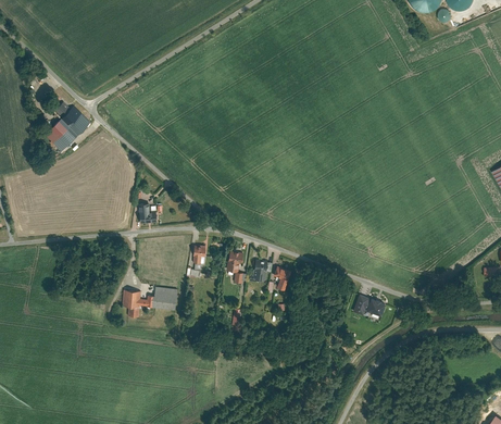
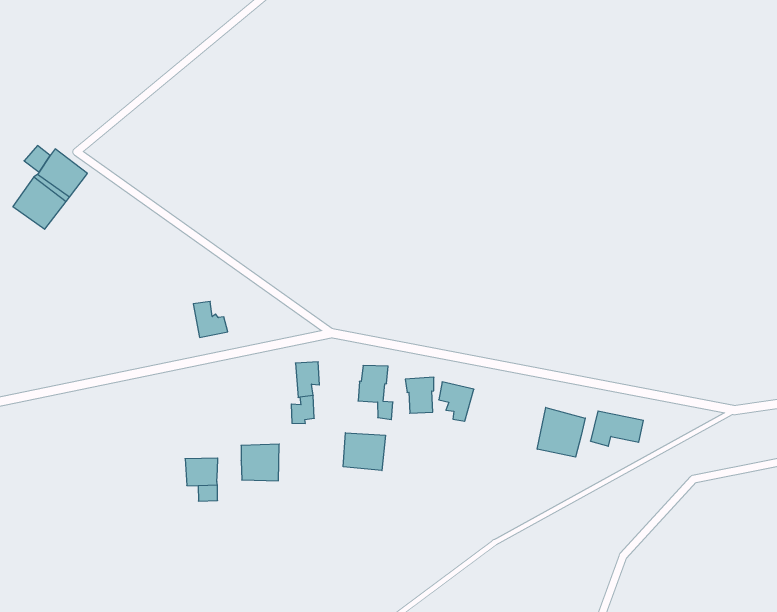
building: none -> [343,433,385,471]
building: none -> [537,407,585,457]

